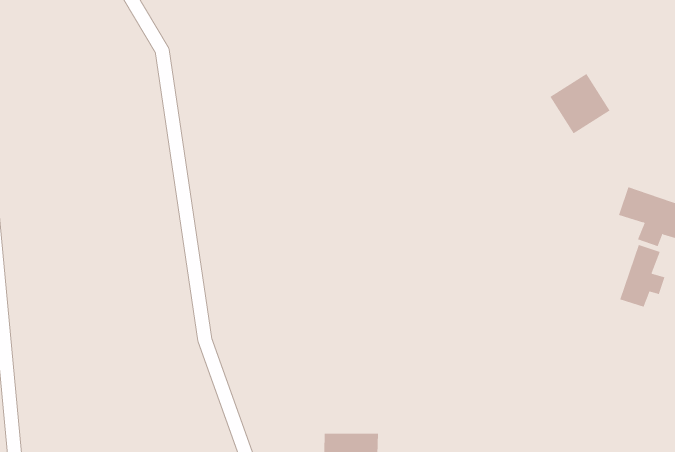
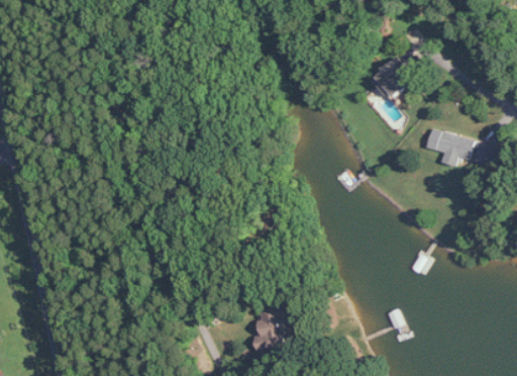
building: [619,244,665,307] -> none

